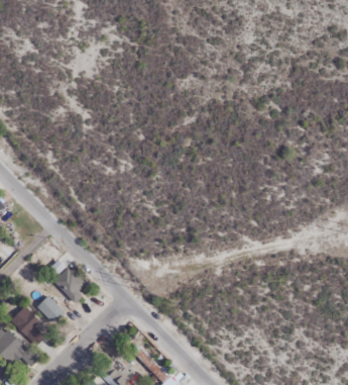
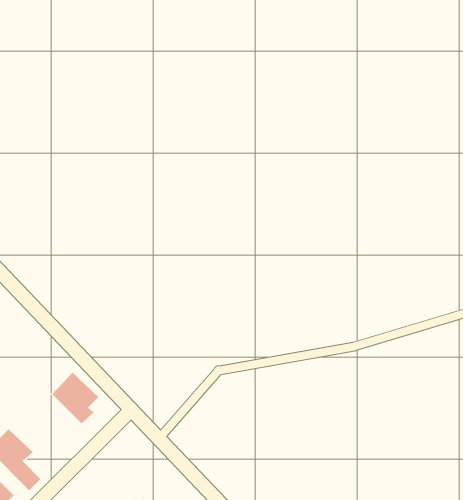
building: [36,295,65,323] -> none

